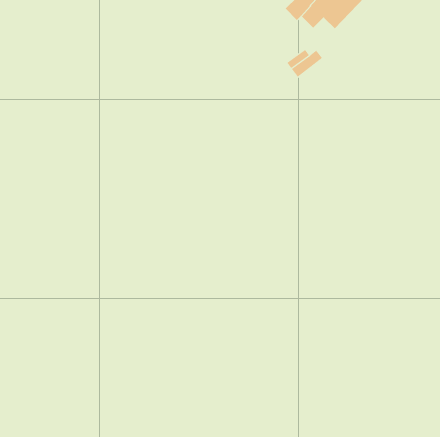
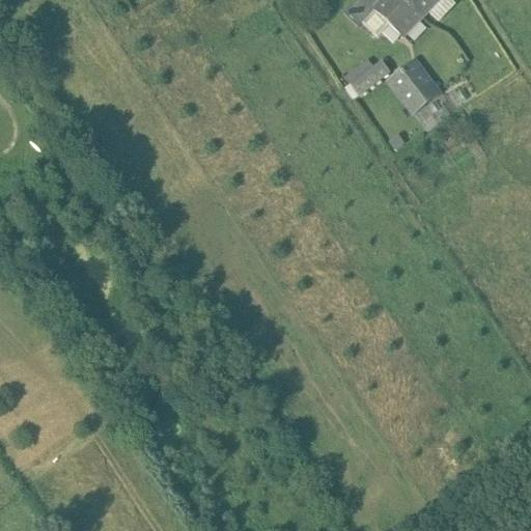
building: none -> [390,60,439,111]

